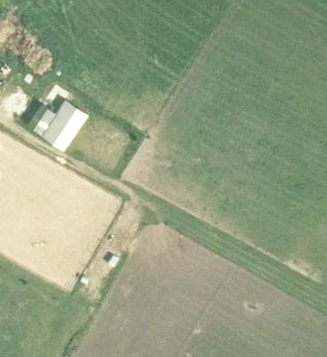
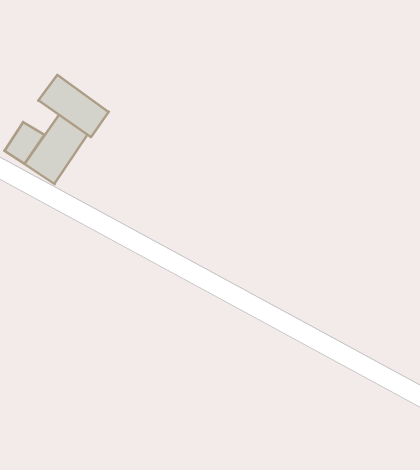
building: none -> [38,75,109,137]

